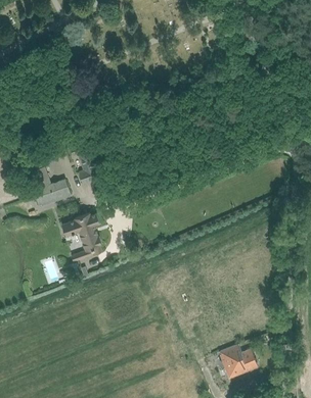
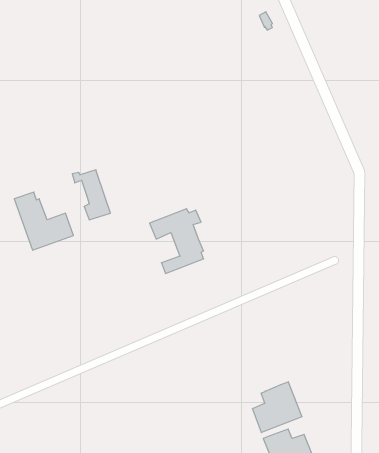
building: [60,213,102,263] -> [150,209,204,273]
building: none -> [252,382,302,433]

